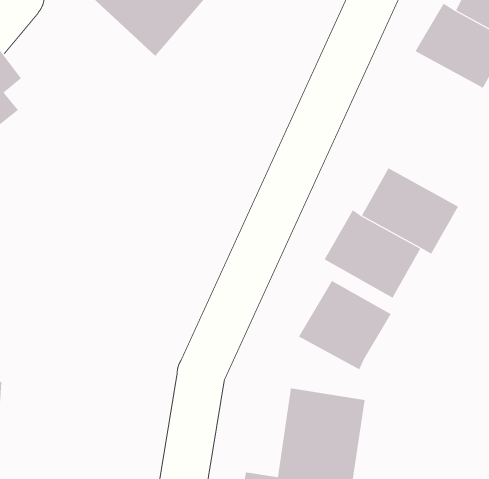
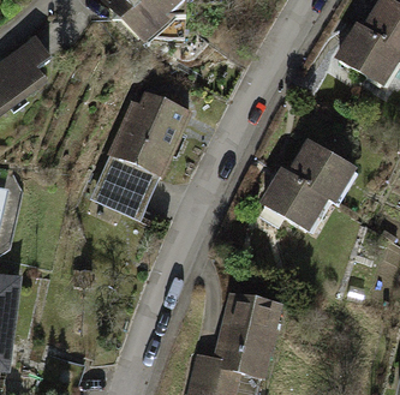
building: none -> [91,95,196,220]
building: [298,280,391,370] -> none

